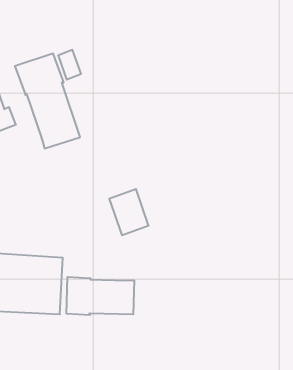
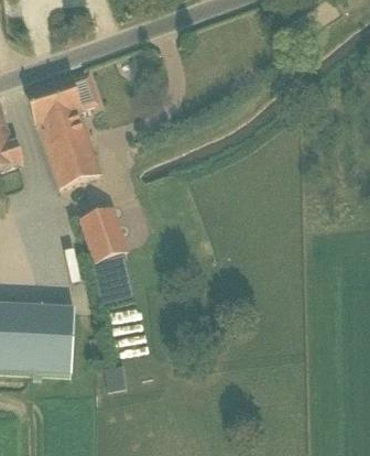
building: [109,189,149,235] -> [80,209,126,262]
building: [67,277,134,315] -> none

